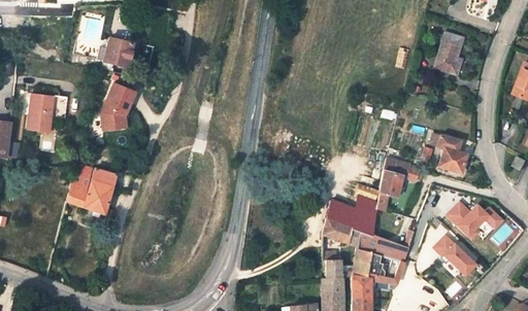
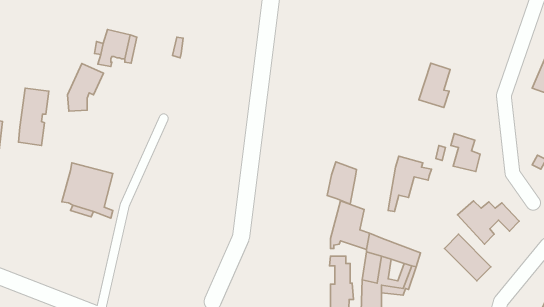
building: [434,32,464,74] -> [419,63,450,108]
building: [100,85,134,131] -> [68,64,103,111]
building: [351,196,378,236] -> [327,162,357,204]

